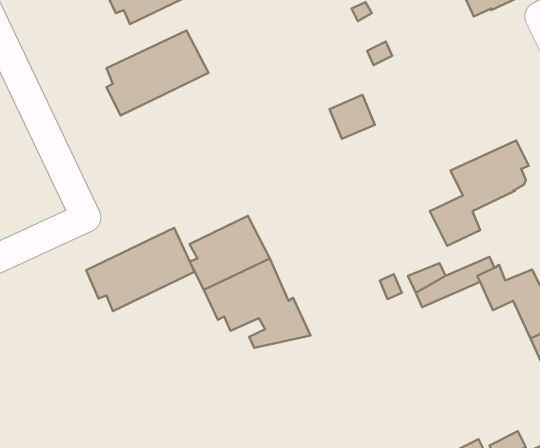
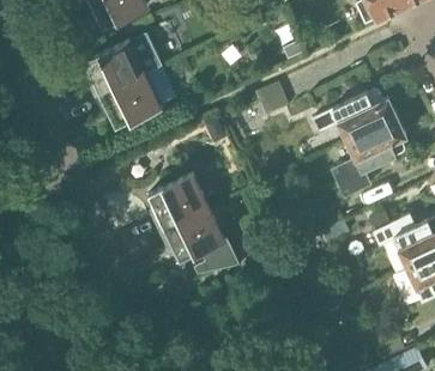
building: none -> [313,92,398,141]
building: [86,228,194,311] -> [96,67,179,130]

